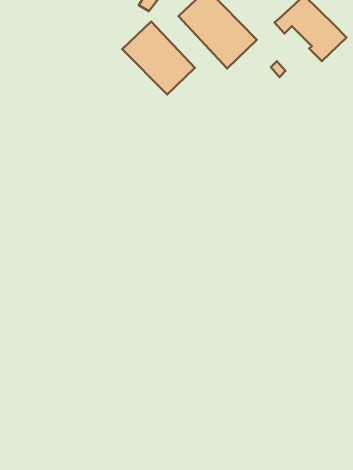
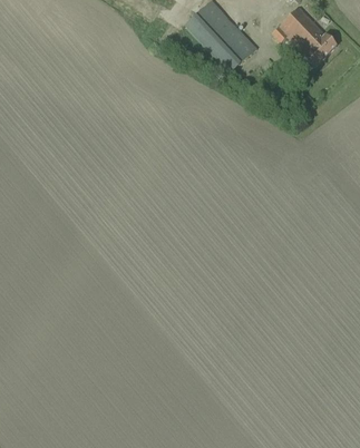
building: [122,21,195,94] -> none

